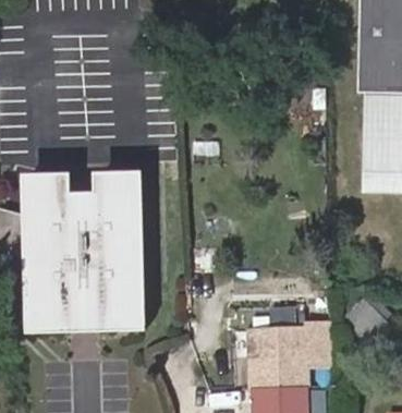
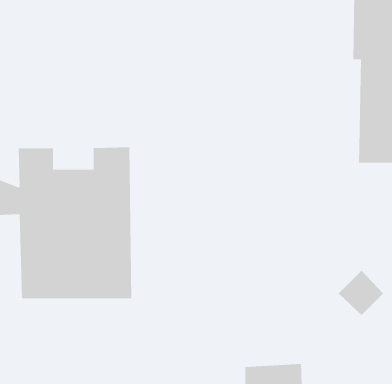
building: [251,326,330,391] -> none

